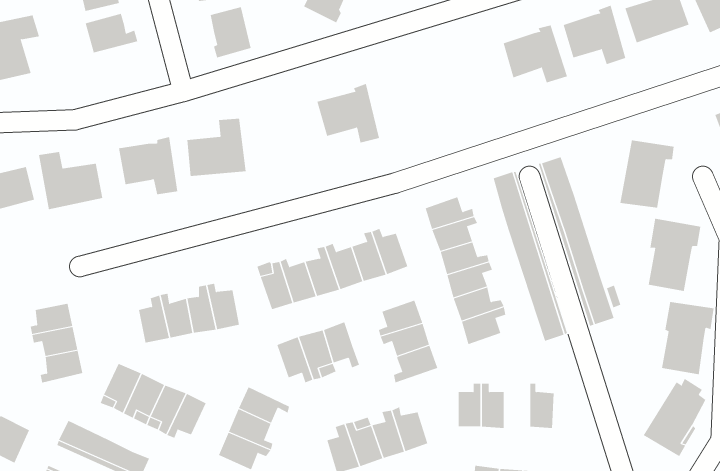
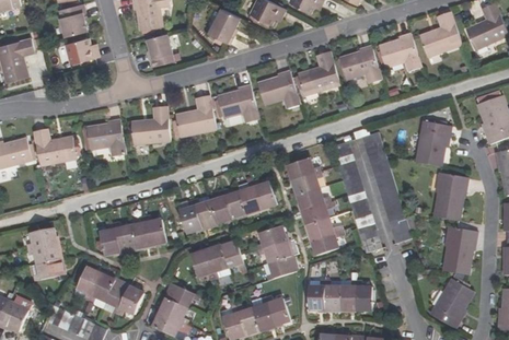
building: none -> [297,50,339,95]
building: none -> [256,70,299,108]
building: none -> [174,94,216,137]
building: none -> [339,272,356,309]

